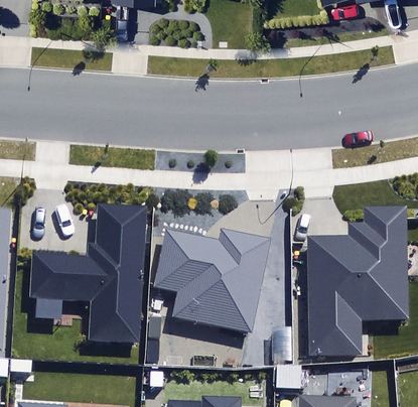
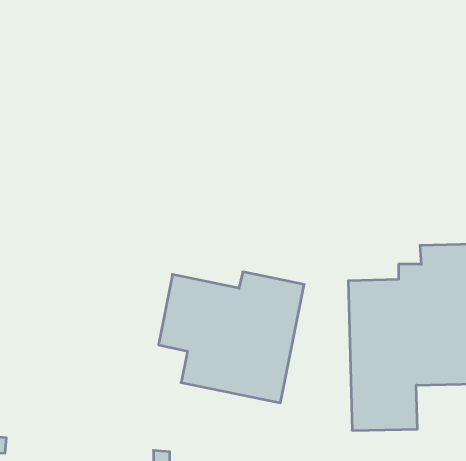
building: [31,202,147,344] -> none

